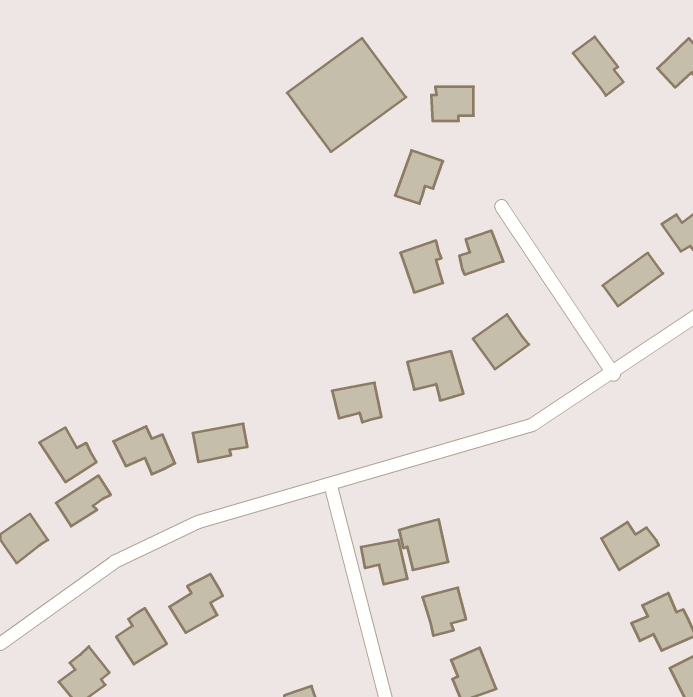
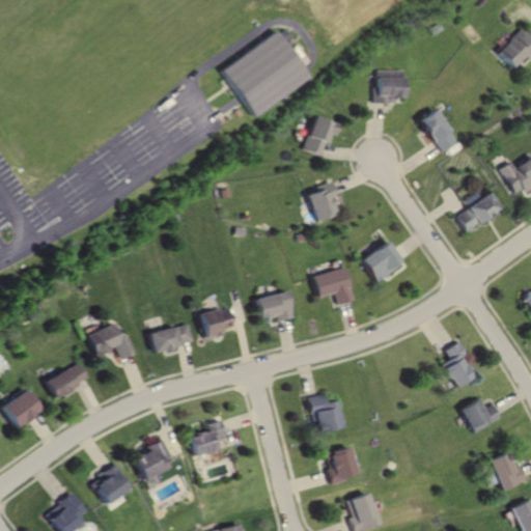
building: [573,37,623,96] -> [422,108,460,152]
building: [431,87,474,121] -> [375,79,408,105]
building: [459,231,503,275] -> none
building: none -> [200,305,237,338]
building: [39,428,96,482] -> none
building: none -> [440,343,477,392]
building: [361,540,407,584] -> none
building: none -> [189,419,228,459]

